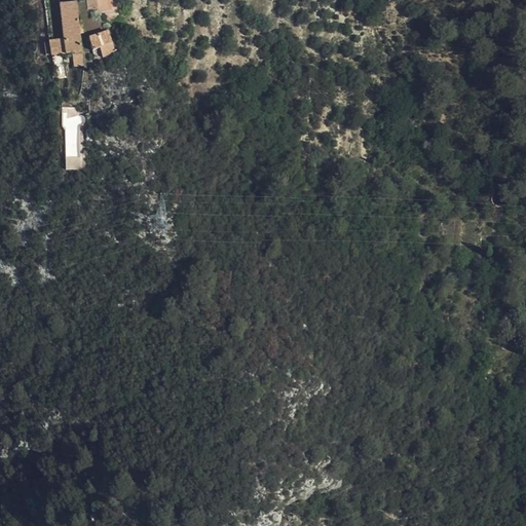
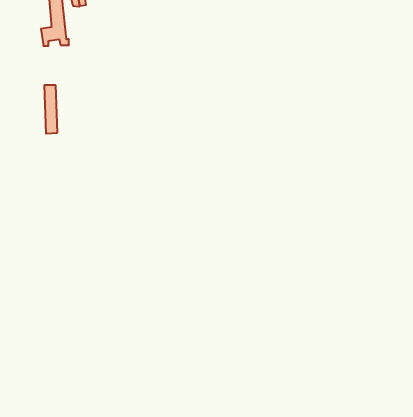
building: [89,30,116,55] -> none

